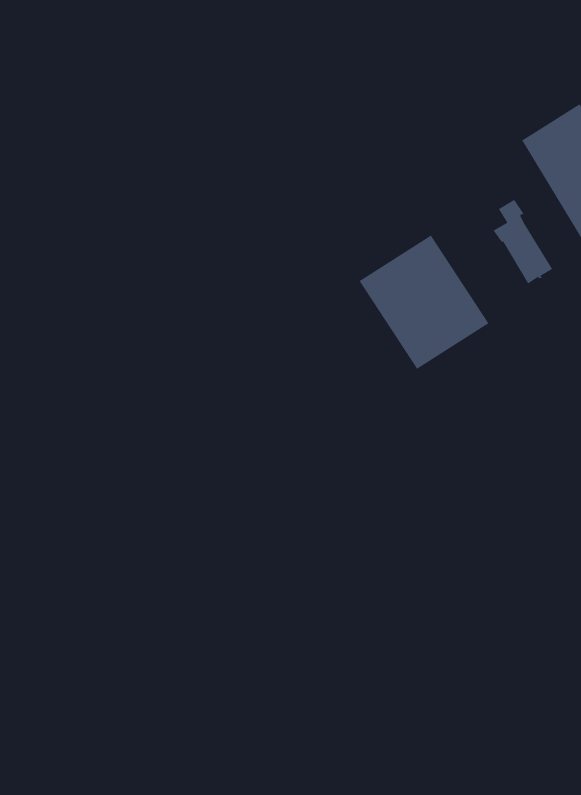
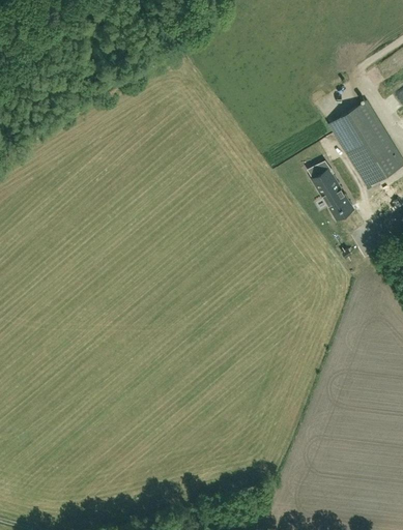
building: [359,235,489,370] -> none

